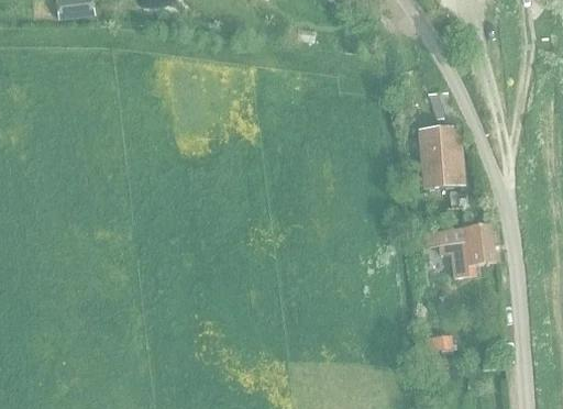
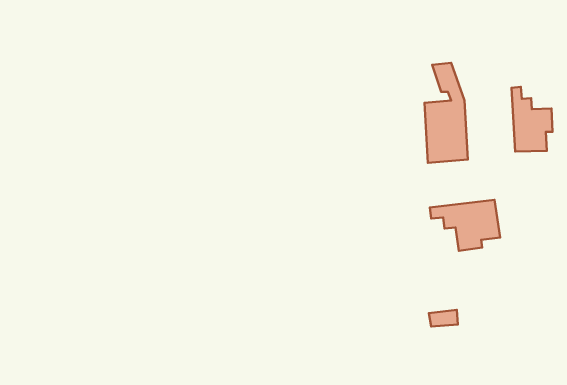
building: none -> [512,87,552,152]

